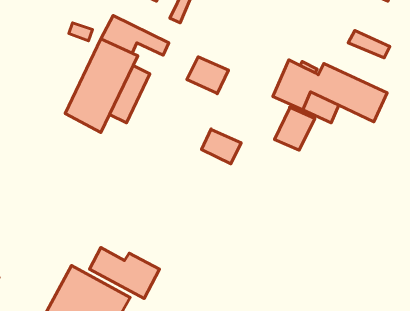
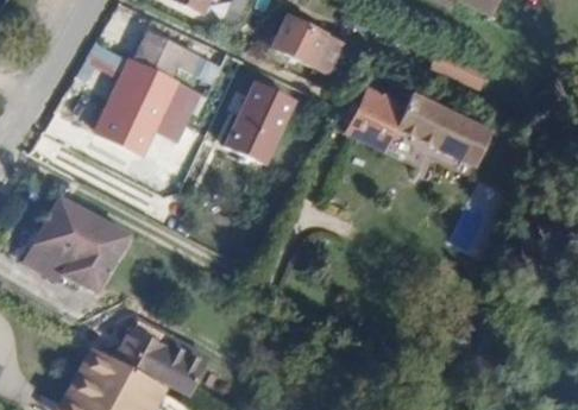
building: none -> [270,18,327,71]
building: [275,107,315,150] -> none
building: [202,129,241,164] -> [226,111,276,154]
building: none -> [23,195,127,290]

